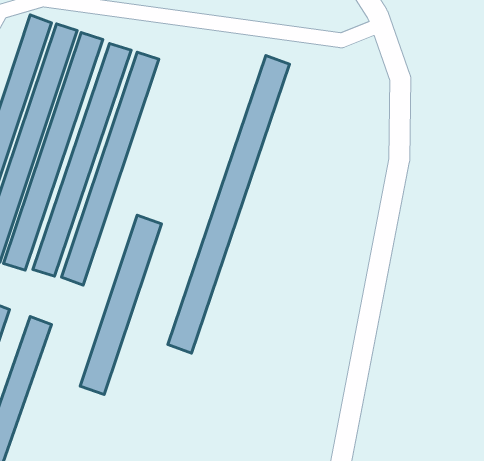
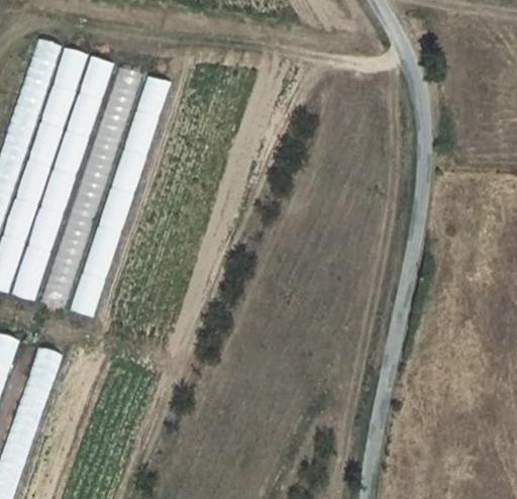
building: [168,56,290,353] -> none
building: [80,215,161,394] -> none

